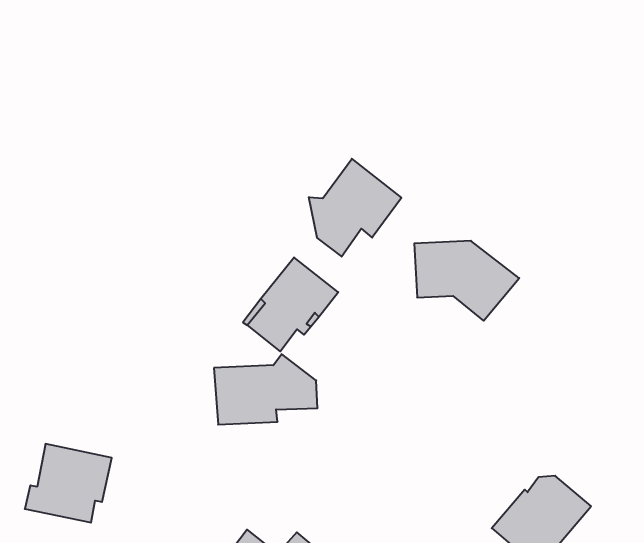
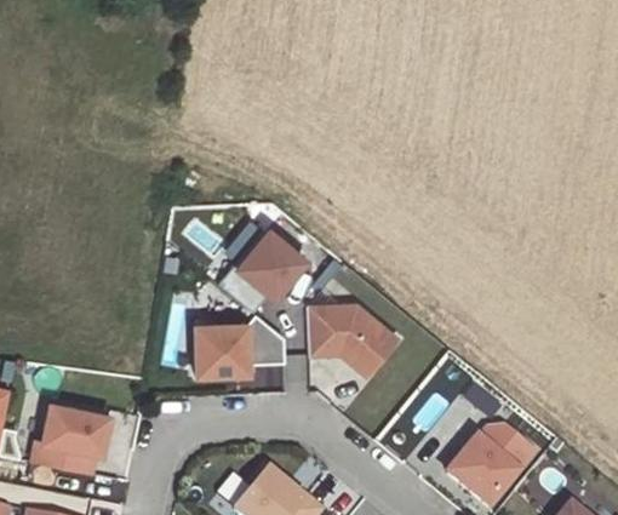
building: [309,159,401,257] -> none
building: [414,241,519,321] -> [310,308,402,378]

